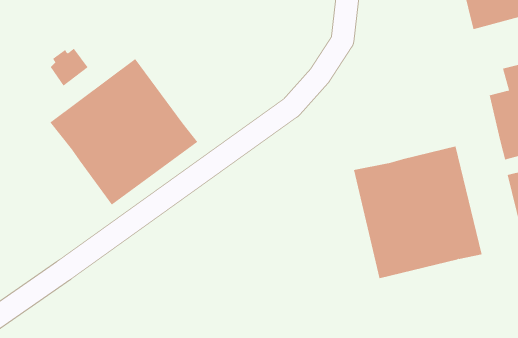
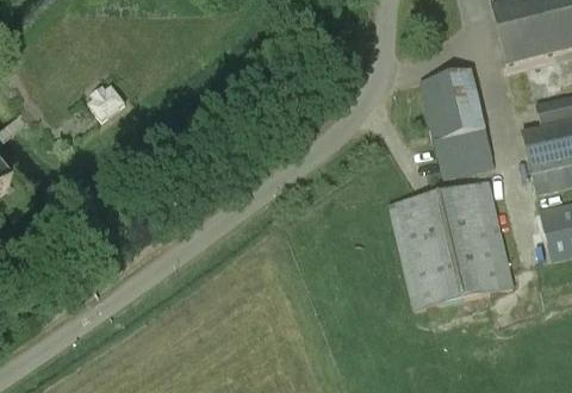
building: none -> [419,68,495,177]
building: [50,58,198,205] -> none

